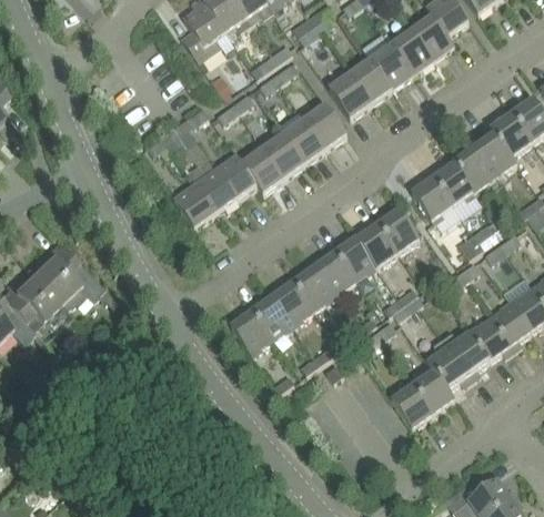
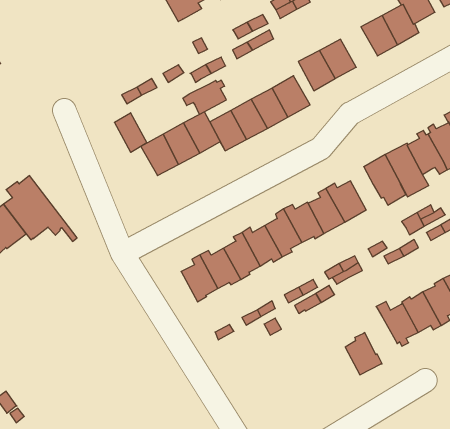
building: [372,44,413,88] -> none
building: none -> [183,80,226,114]
building: none -> [114,113,147,152]
building: [427,338,470,389] -> none
building: [390,385,433,428] -> none

